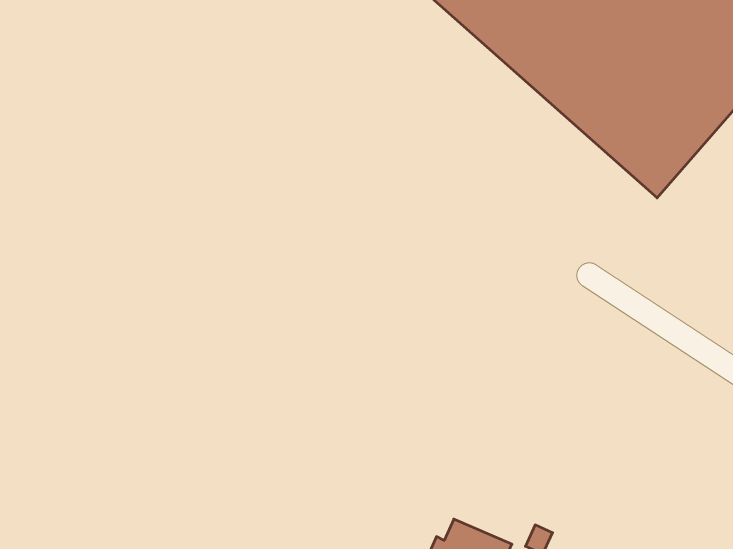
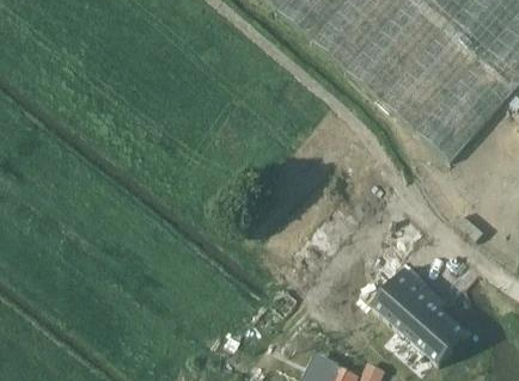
building: none -> [372,266,468,364]

